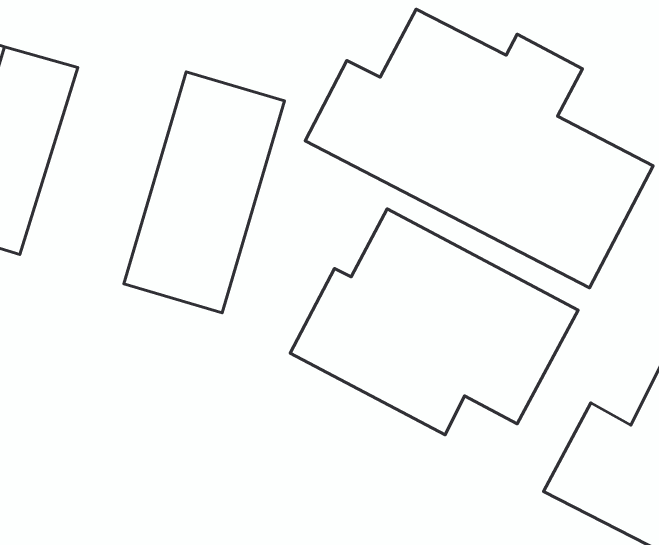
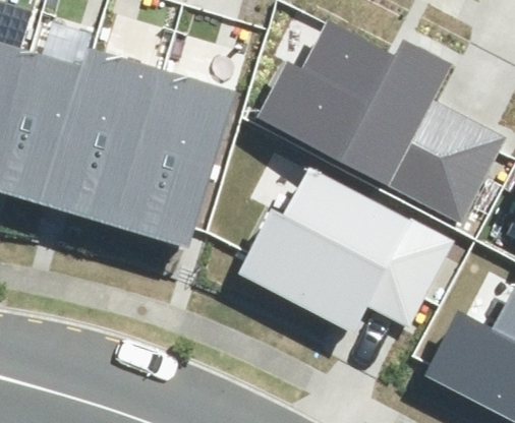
building: none -> [41,46,163,224]

